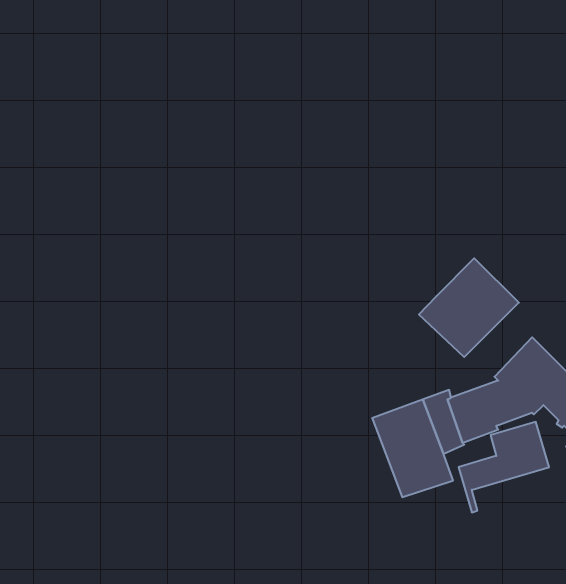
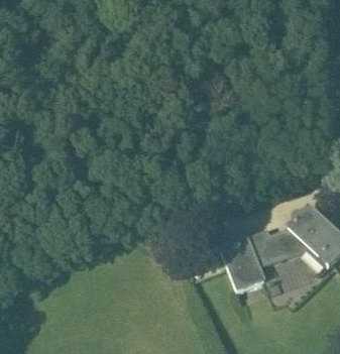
building: [419,258,519,357] -> none

